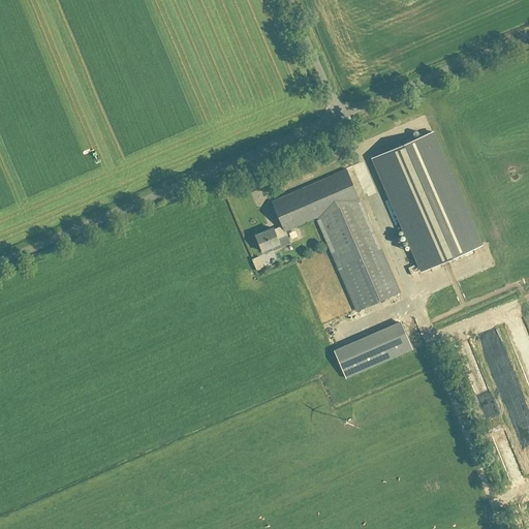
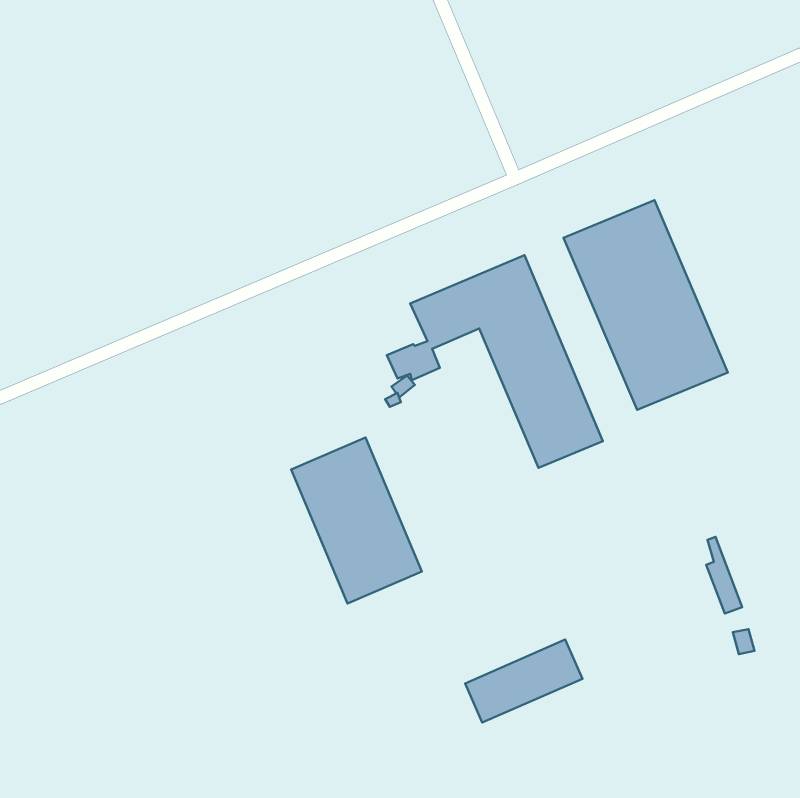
building: none -> [291,437,422,604]
building: [335,321,412,376] -> [465,640,582,723]

